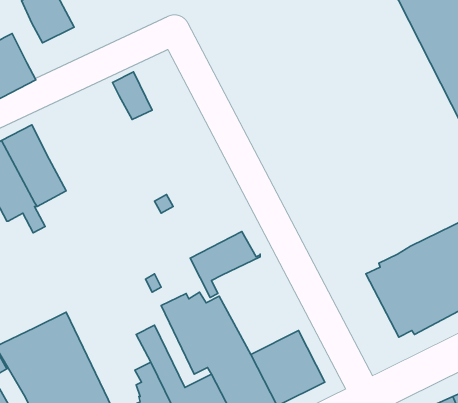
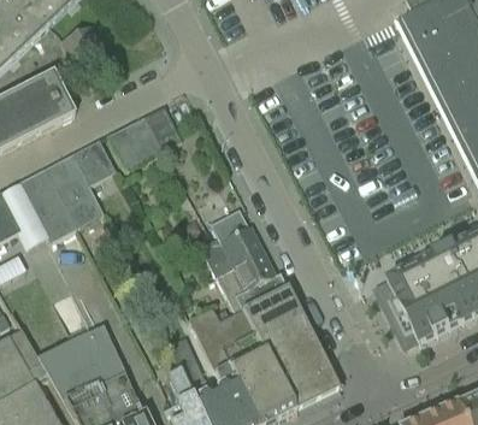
building: none -> [108,112,164,166]
building: none -> [72,136,116,182]
building: none -> [202,206,264,272]
building: none -> [236,271,315,360]

